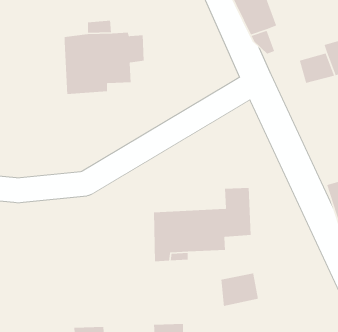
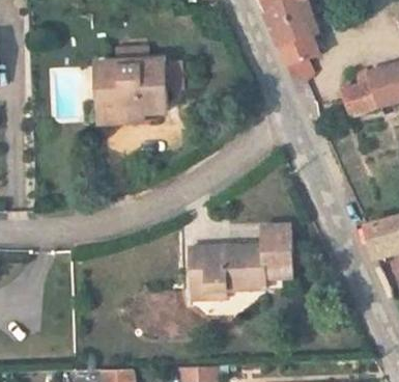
building: [220,273,259,307] -> none

